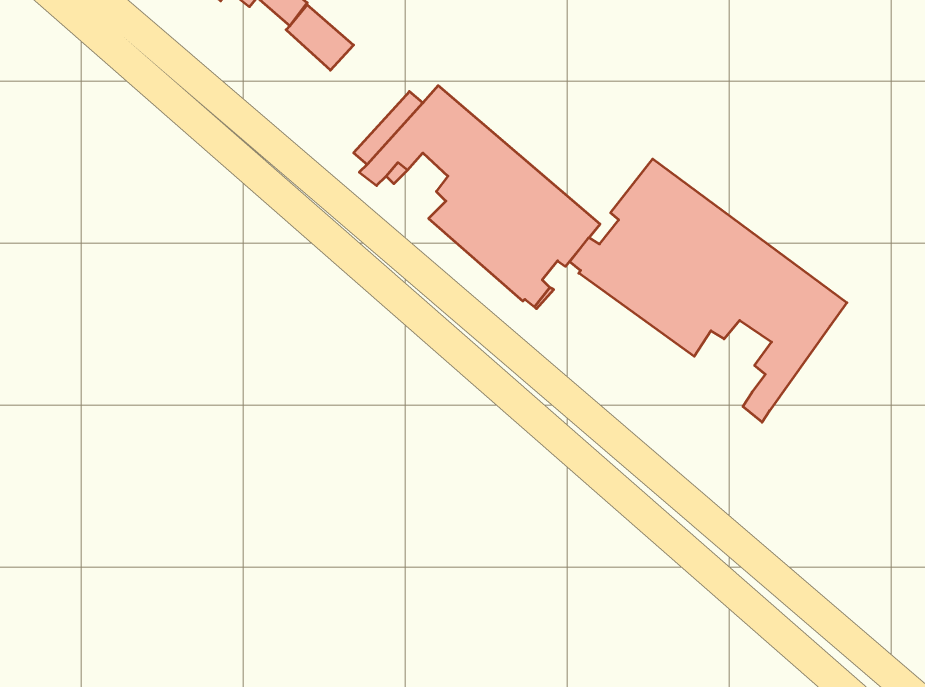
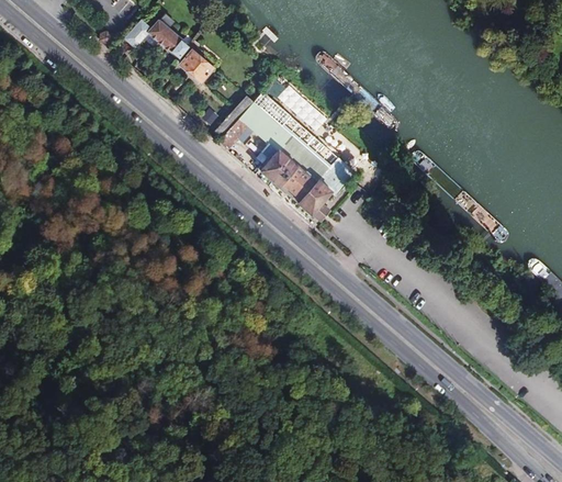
building: [570,159,847,422] -> none

